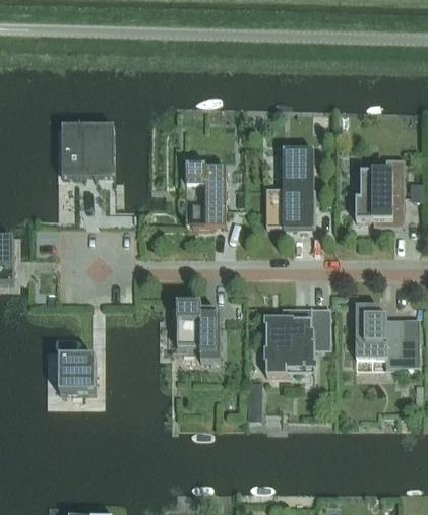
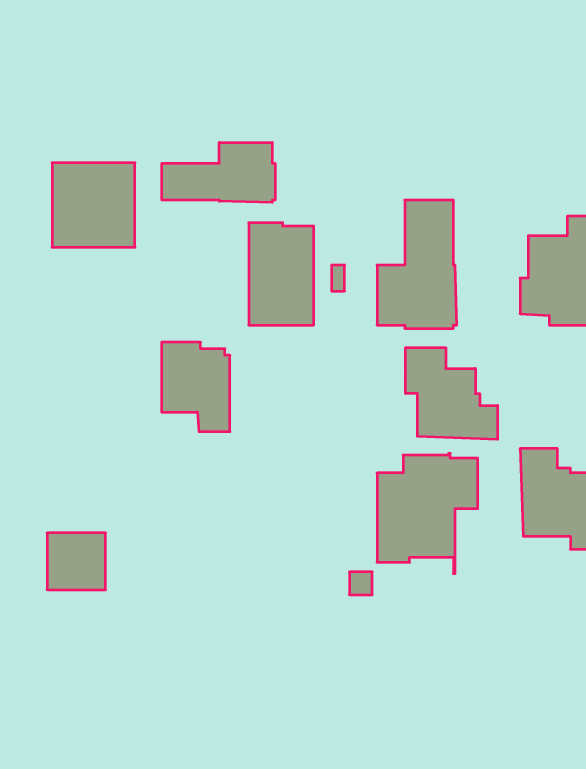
building: none -> [162,142,275,202]
building: none -> [406,348,498,439]
building: [177,304,220,360] -> [162,342,230,432]

